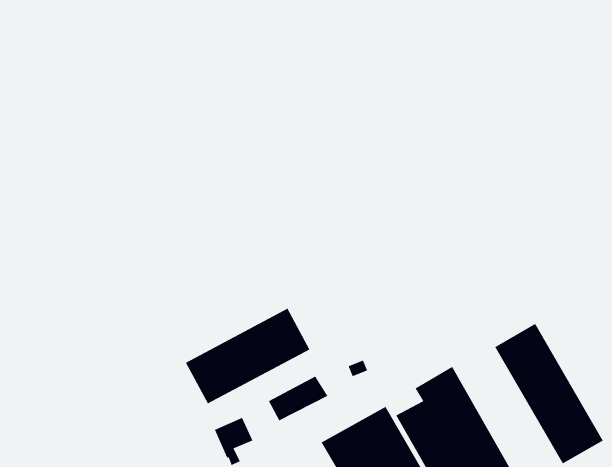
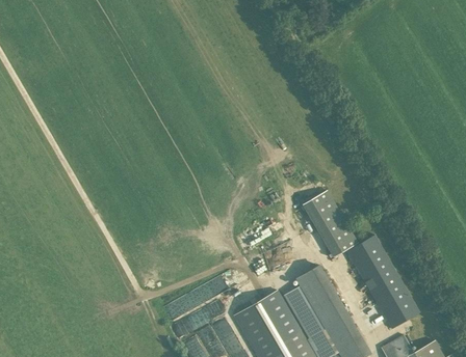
building: none -> [304,191,358,256]
building: [185,308,310,405] -> none

